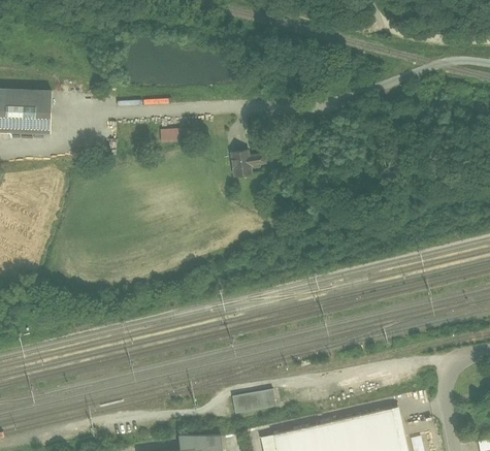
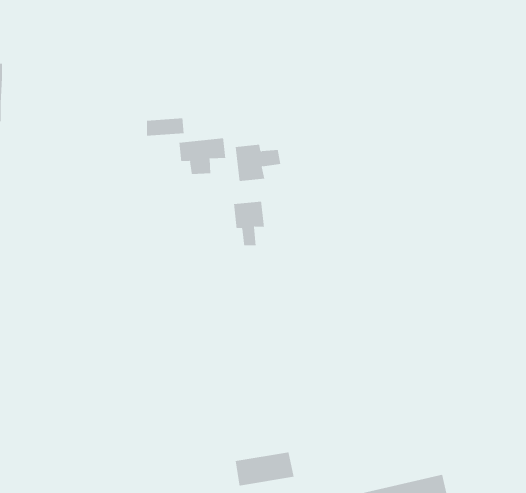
building: none -> [179,138,226,175]
building: none -> [234,201,265,246]

